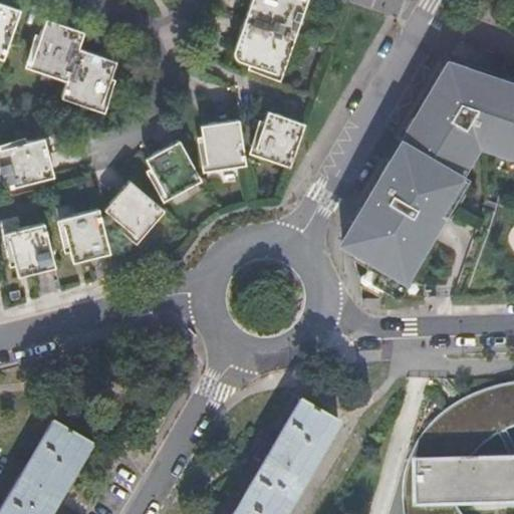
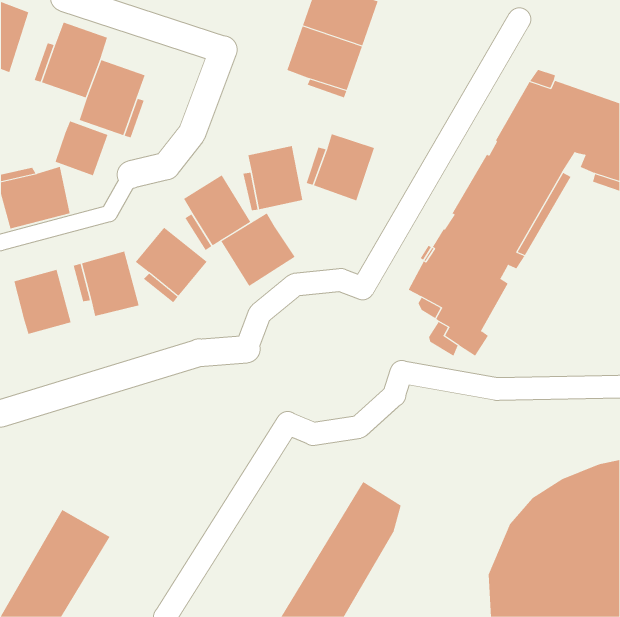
building: none -> [55,120,108,176]
building: none -> [221,212,295,287]

